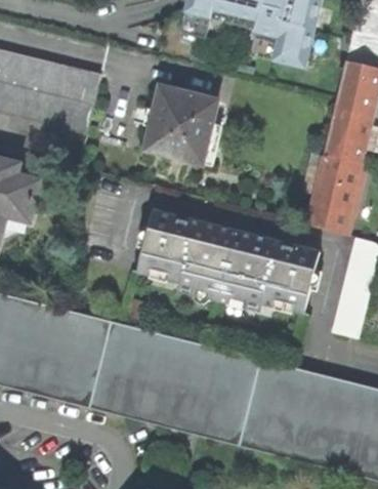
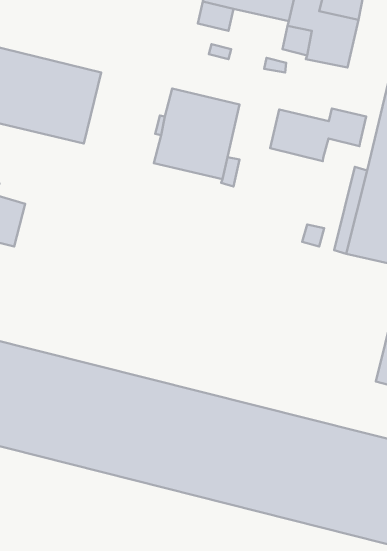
building: none -> [270,108,366,161]
building: [139,210,320,309] -> none

